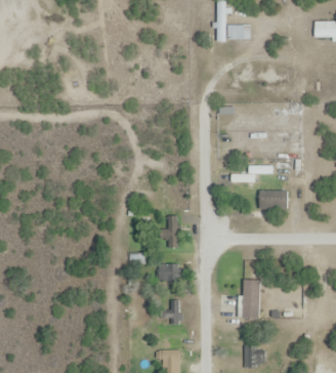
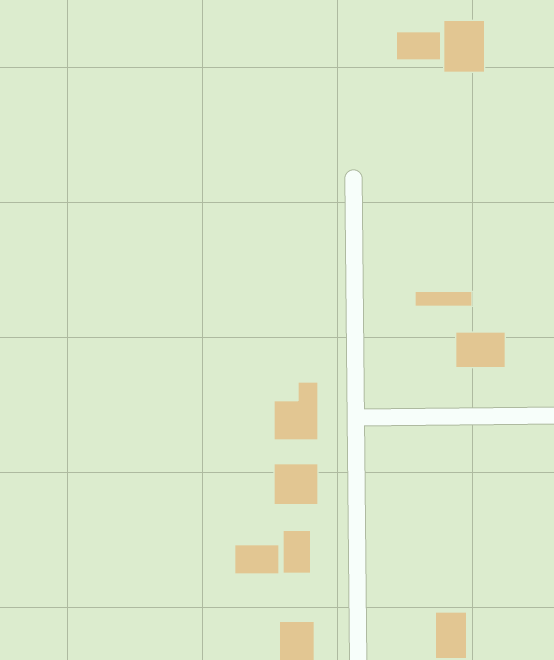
building: none -> [444,20,484,73]
building: [240,278,259,317] -> none
building: none -> [235,544,279,574]

